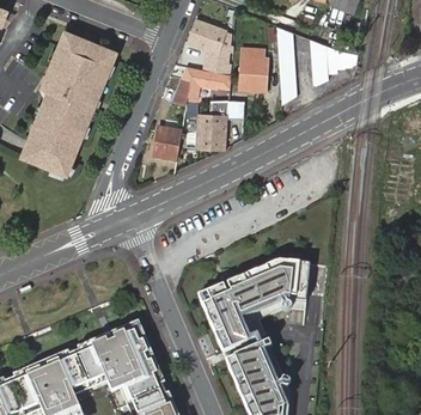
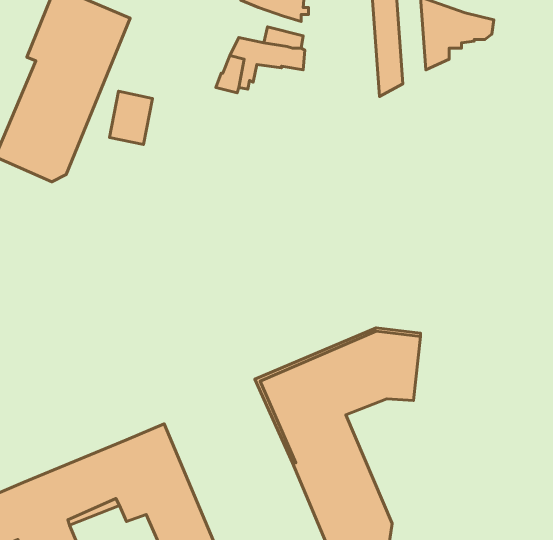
building: [239,48,267,91] -> none
building: [197,100,244,148] -> none
building: [153,124,182,160] -> [110,91,152,145]

